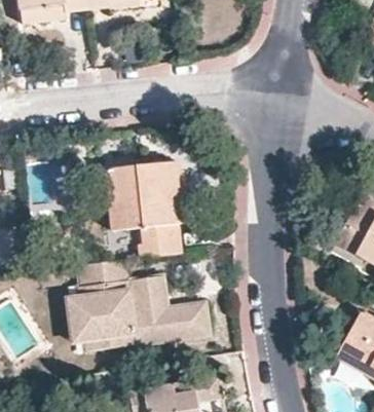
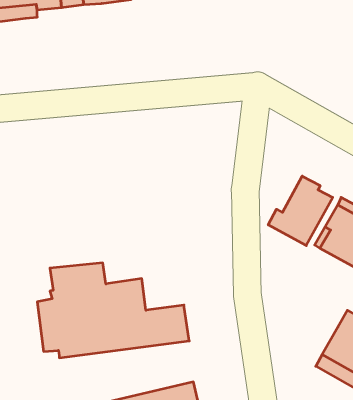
building: [107,161,186,258] -> none
building: none -> [268,176,333,246]

